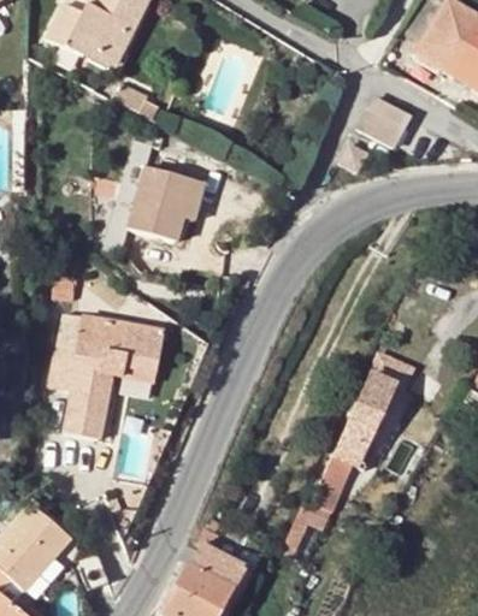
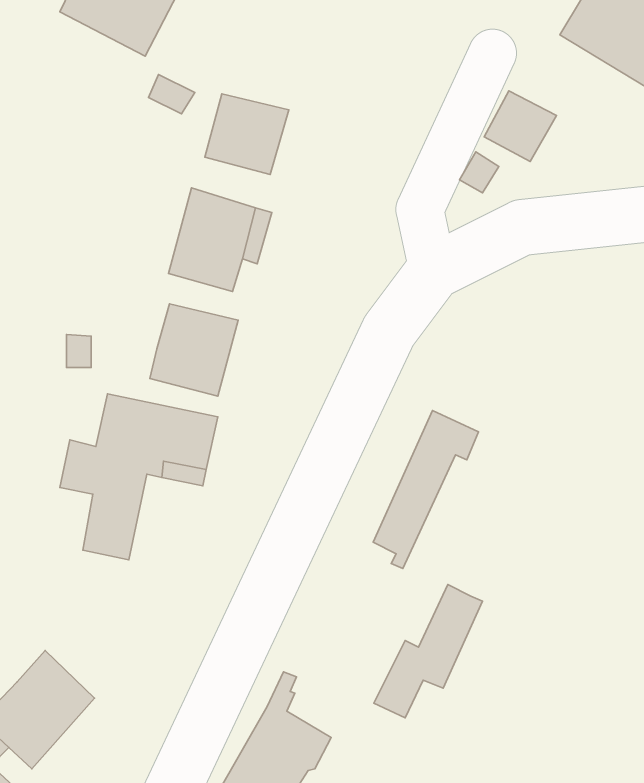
building: none -> [205,94,289,175]
building: none -> [150,304,238,396]
building: [336,353,413,468] -> [373,411,478,568]

